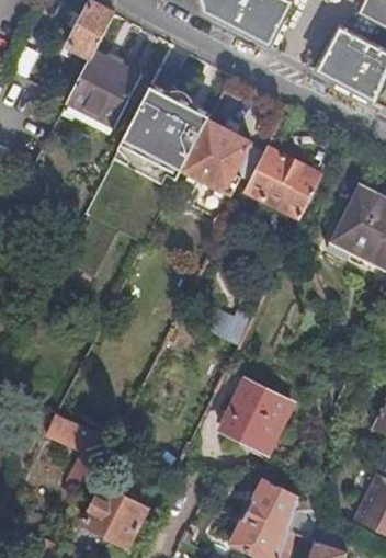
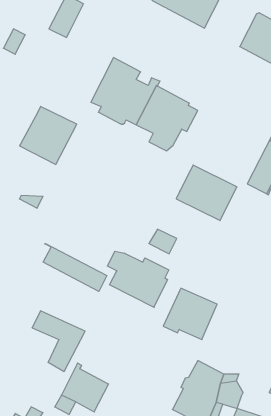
building: [66,50,140,126] -> [20,106,77,164]
building: [242,146,321,218] -> [176,165,237,221]
building: none -> [43,244,107,291]
building: none -> [108,251,169,307]

